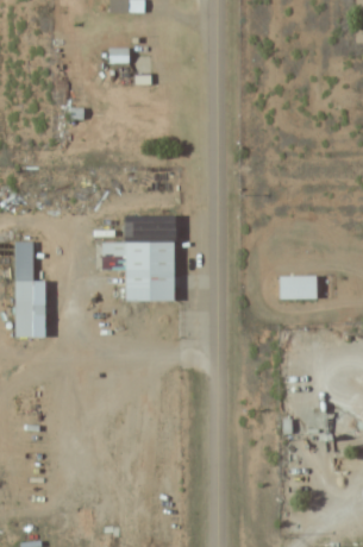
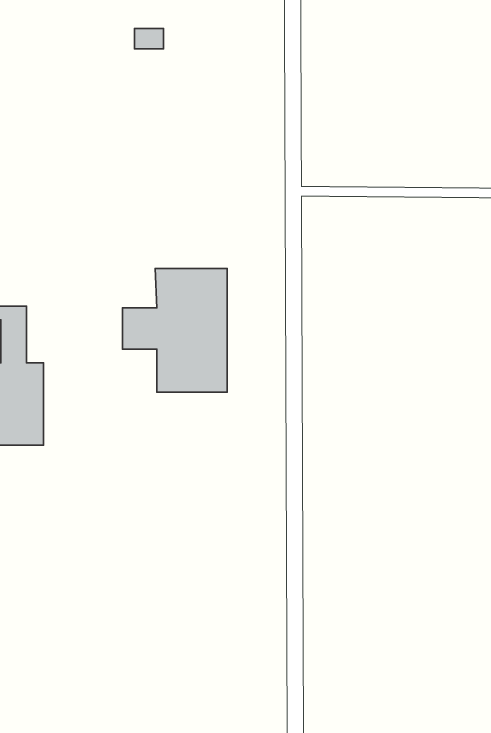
building: [280,276,317,300] -> none

